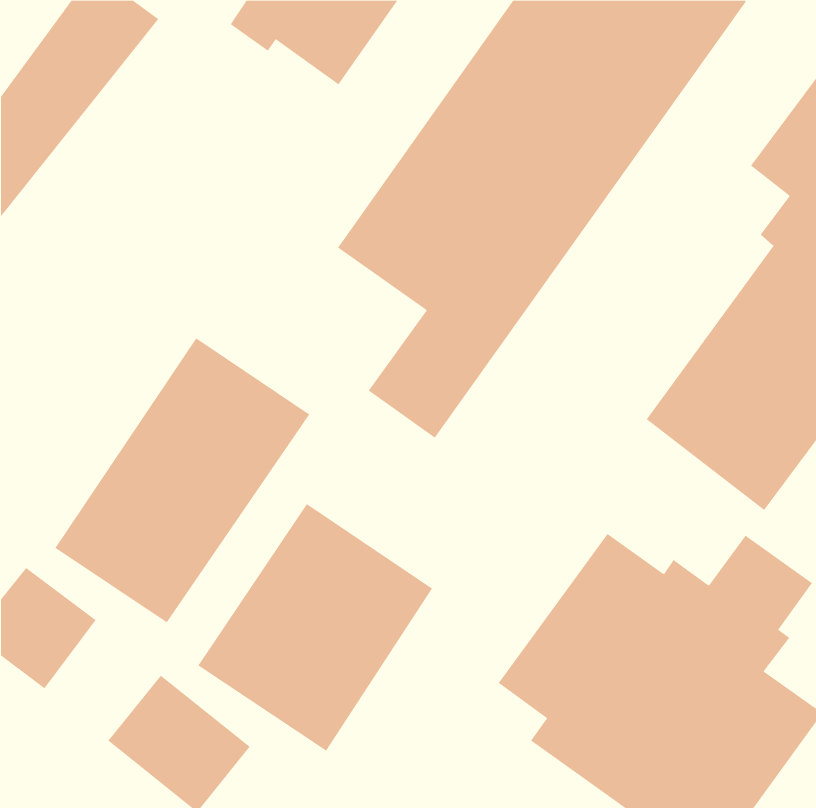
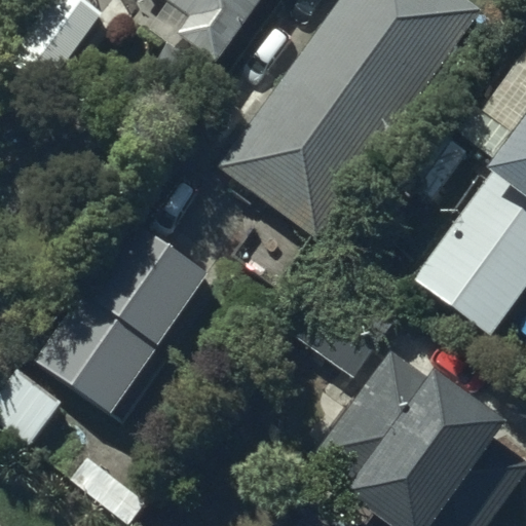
building: [198,503,433,752] -> none

